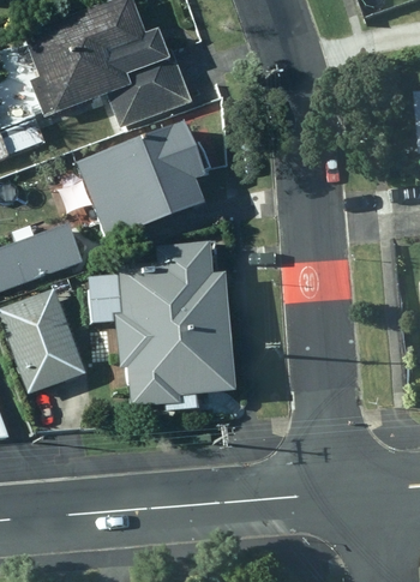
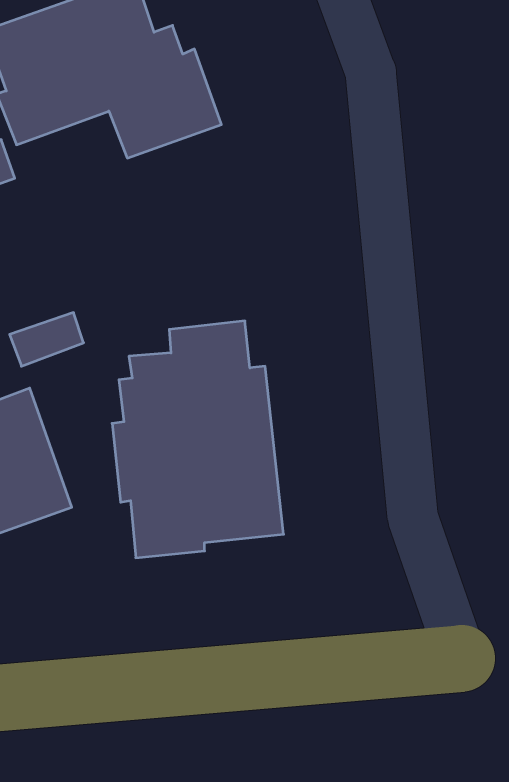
building: [84,124,202,226] -> none

